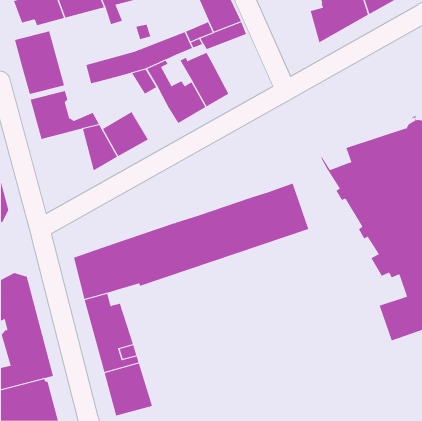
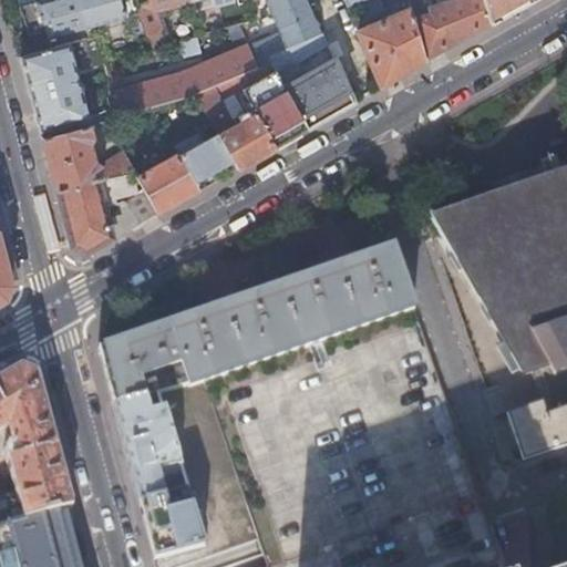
building: none -> [361,7,429,83]
building: none -> [287,55,355,125]
building: none -> [181,128,235,186]
building: none -> [58,175,116,249]

